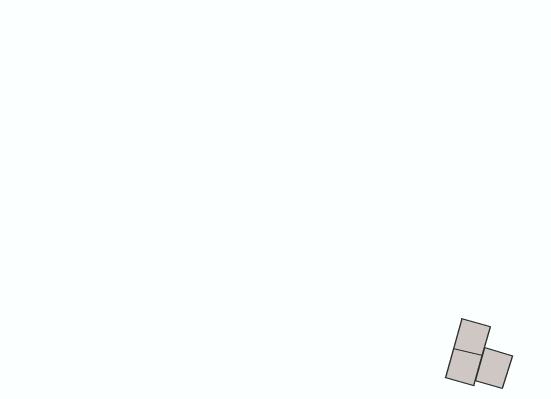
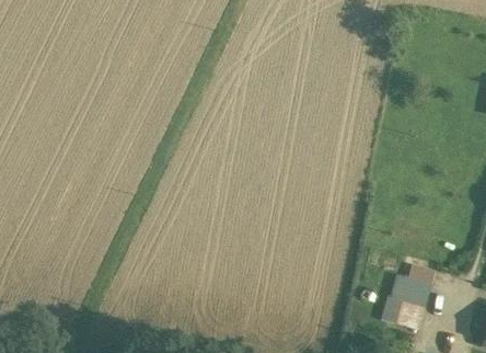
building: [475,348,513,388] -> none

